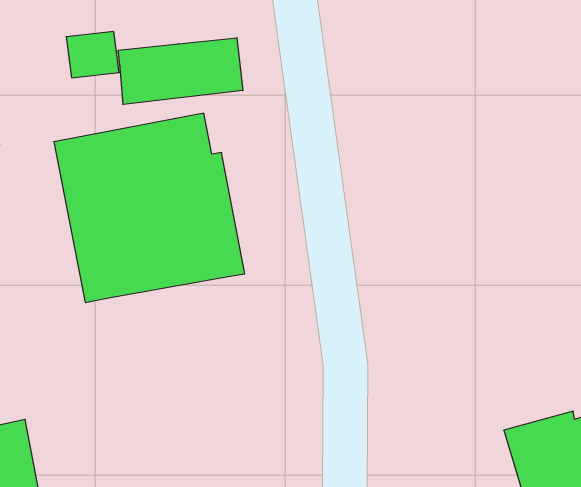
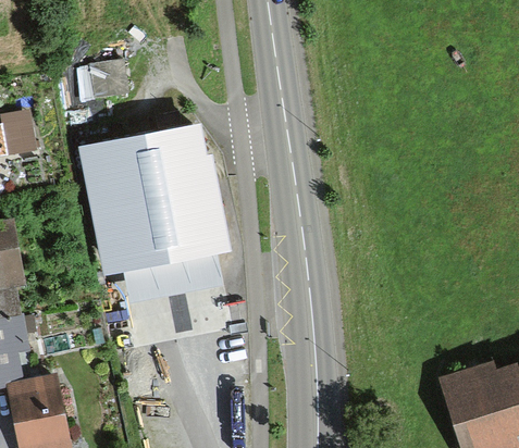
building: [118,38,243,105] -> none
building: none -> [122,256,224,303]

